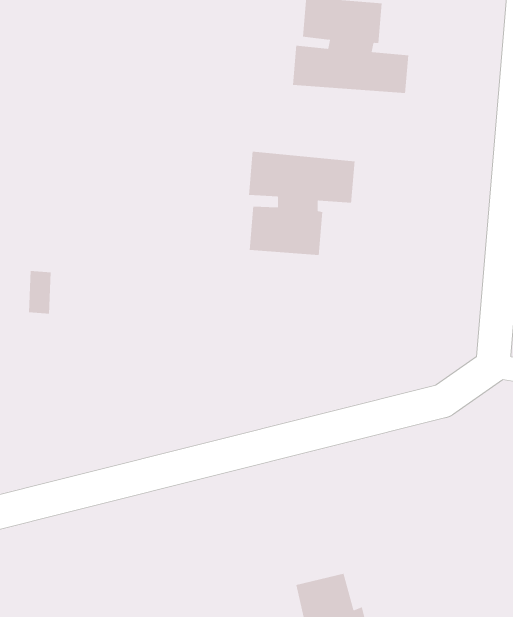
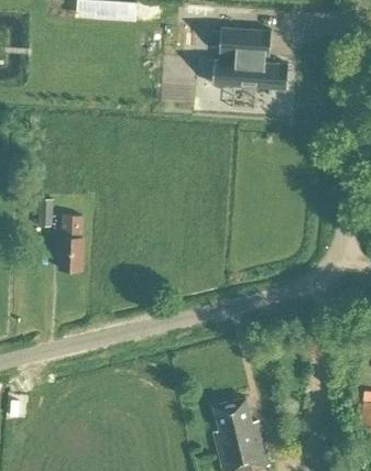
building: [248,151,355,256] -> none
building: none -> [61,217,84,271]

